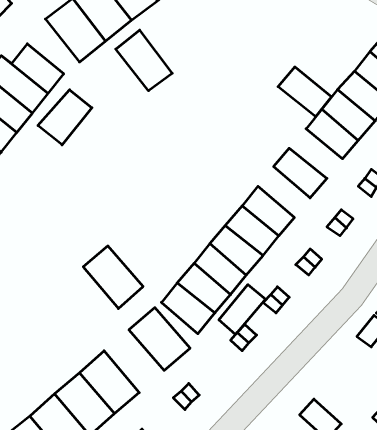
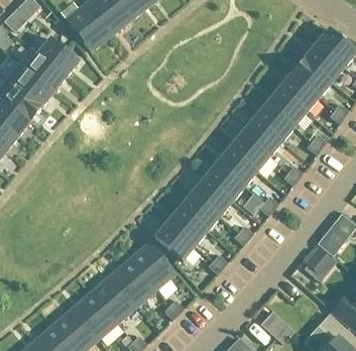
building: [116,30,172,91] -> none
building: [278,67,331,117] -> [253,103,294,141]
building: [38,90,92,145] -> none
building: none -> [229,132,269,171]
building: [83,246,143,309] -> [110,258,156,307]
building: [219,285,266,334] -> none

